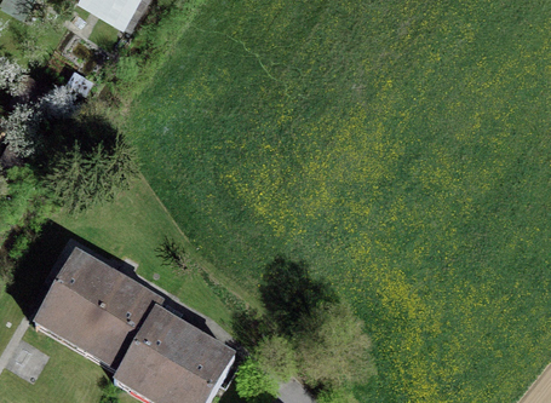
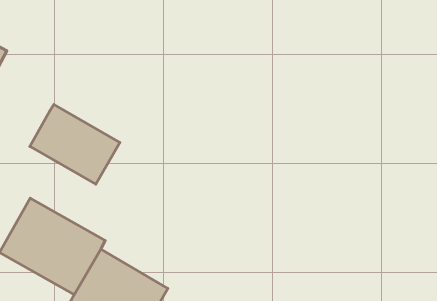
building: none -> [30,105,120,184]

